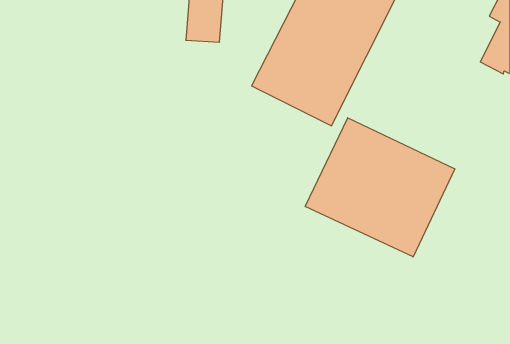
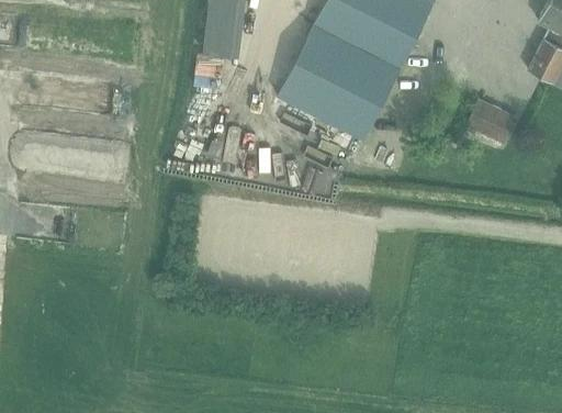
building: none -> [467,102,516,145]
building: [305,118,455,257] -> none

